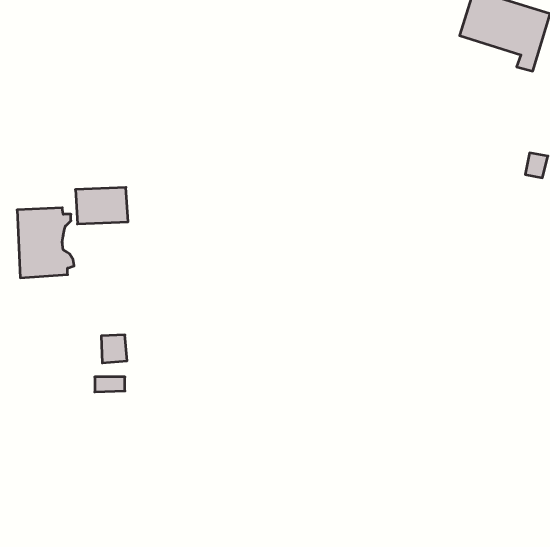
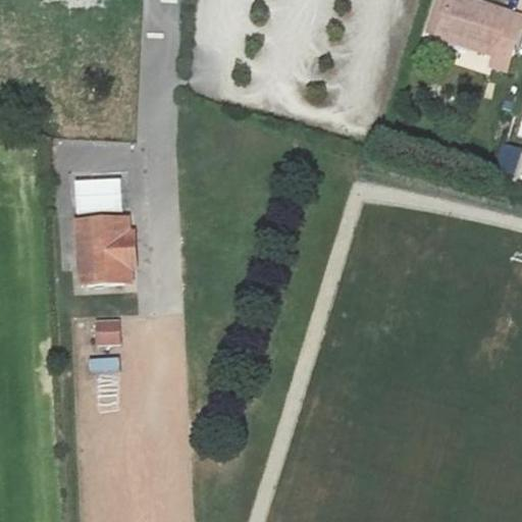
building: [17,208,74,278] -> [80,220,134,286]

